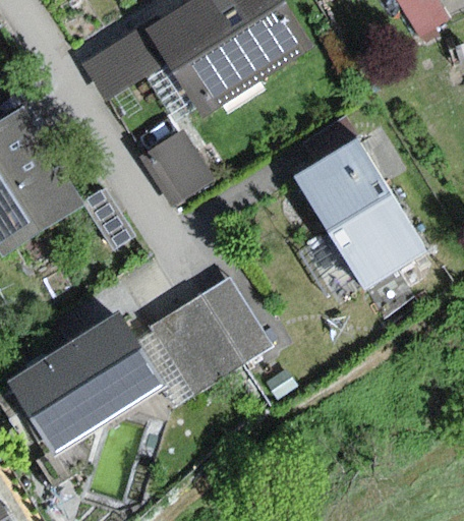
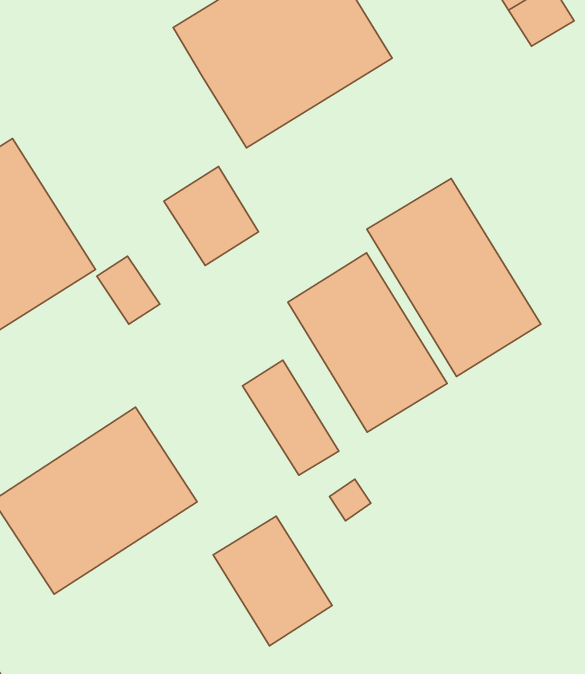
building: [81,23,168,100] -> none
building: none -> [288,253,447,432]
building: [151,296,241,395] -> [213,516,332,646]

